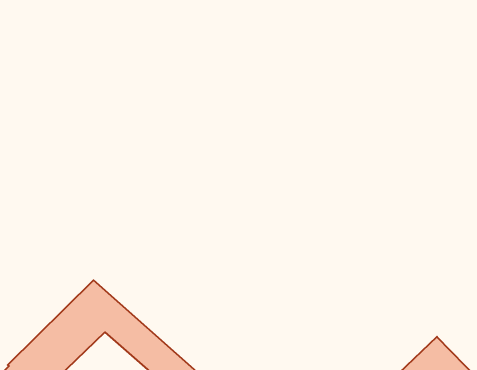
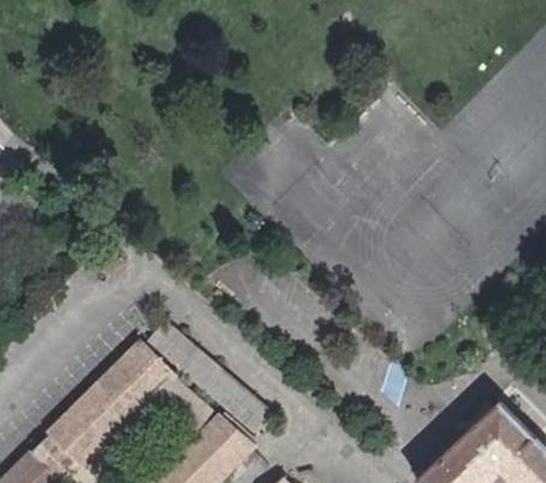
building: none -> [151,321,271,432]

